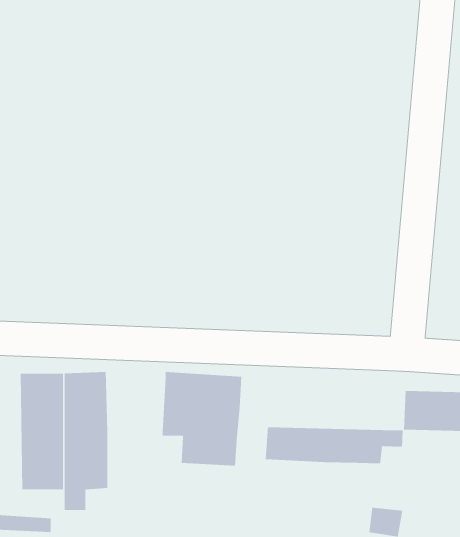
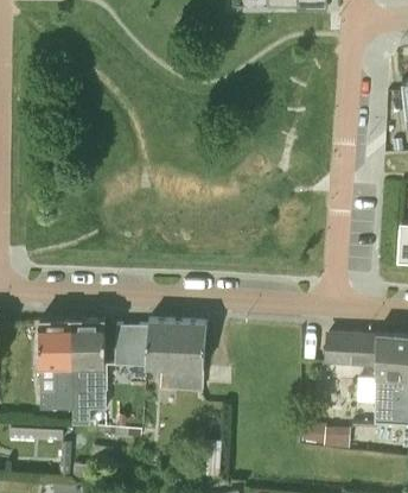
building: none -> [113,324,148,366]
building: [265,426,403,464] -> none

